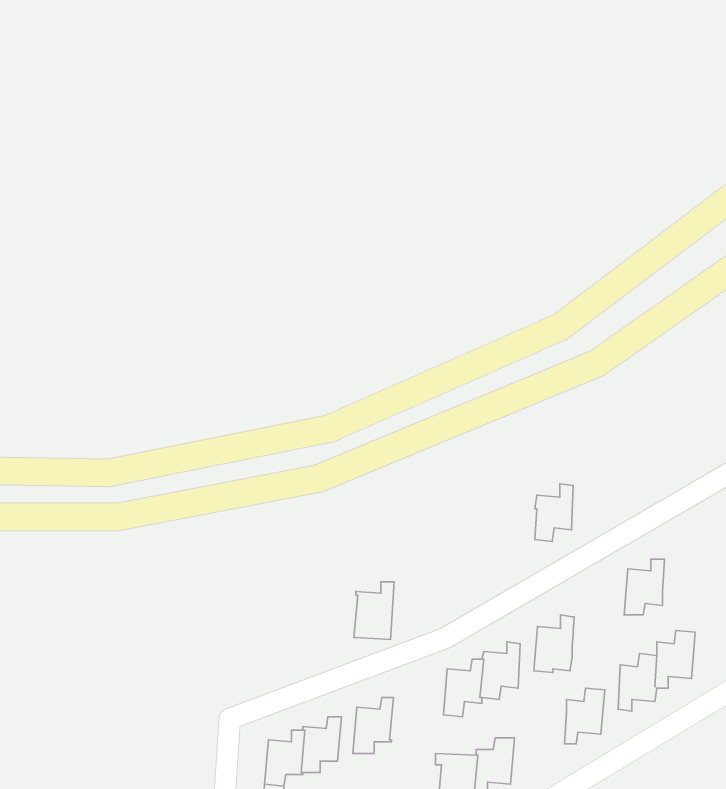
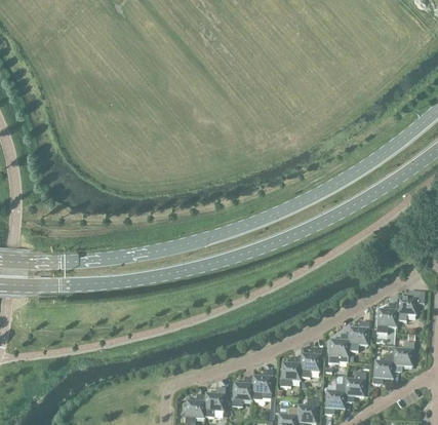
building: [535,484,573,541] -> [349,319,369,350]
building: none -> [397,289,424,319]
building: [354,582,394,639] -> [251,369,273,399]
building: none -> [325,383,346,413]

